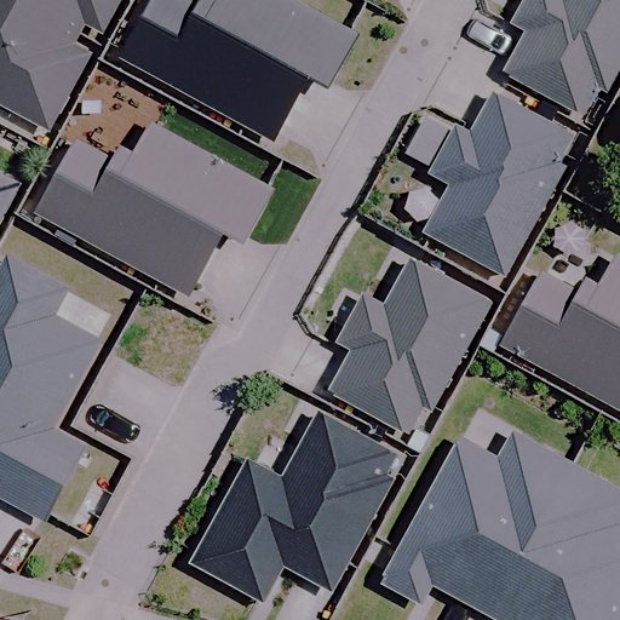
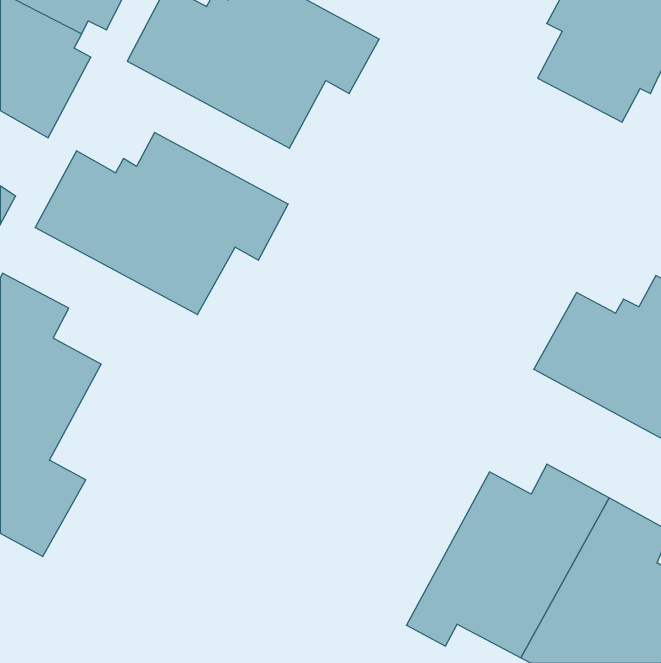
building: [425,93,570,274] -> none
building: [331,259,489,431] -> none
building: [190,414,394,601] -> none

